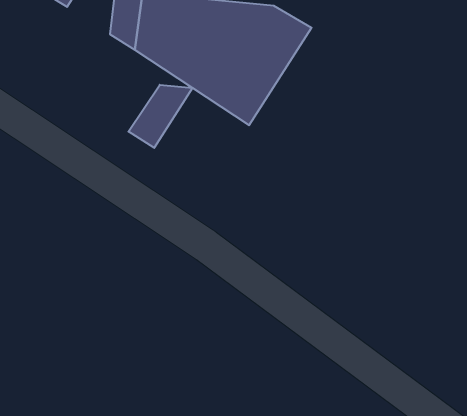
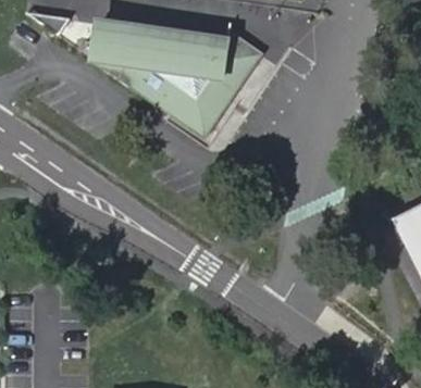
building: [128,85,193,148] -> none

